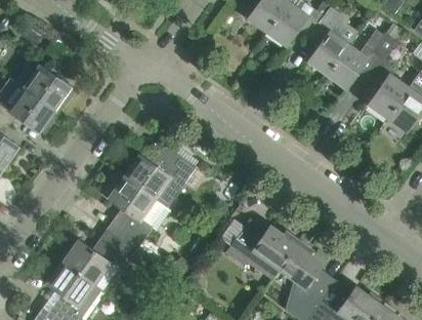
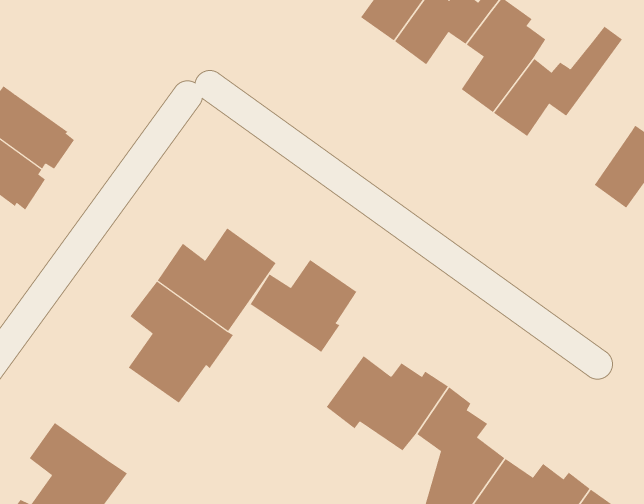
building: [366,59,409,120] -> none
building: none -> [250,259,357,353]
building: [62,230,137,285] -> none

